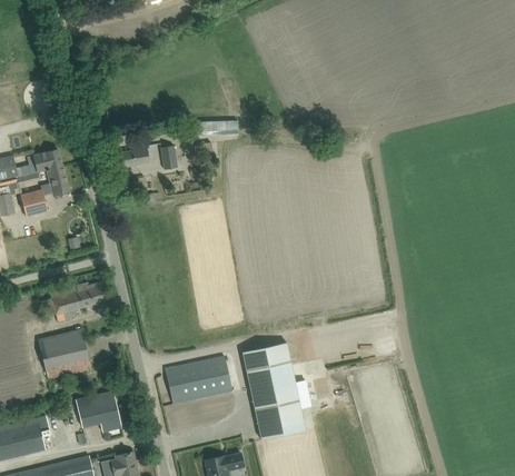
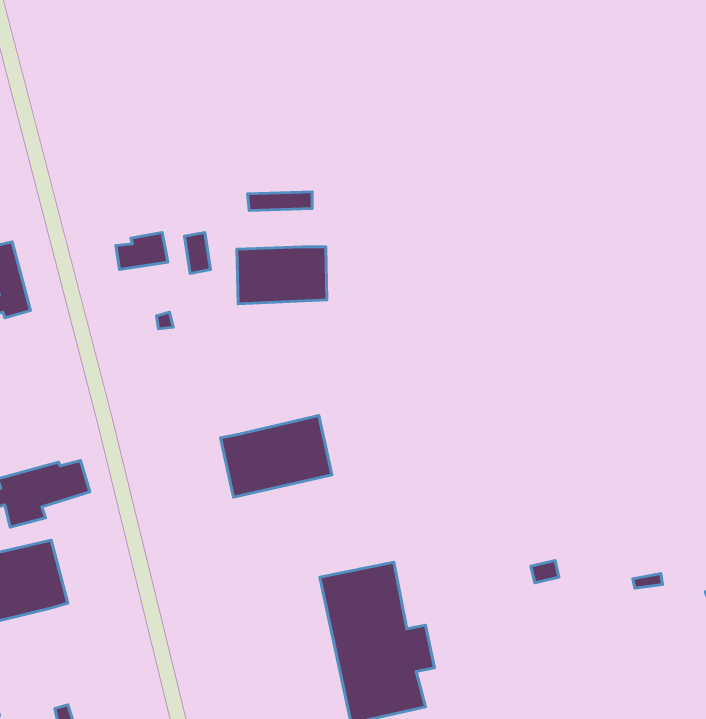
building: none -> [237,247,327,304]
building: [165,355,231,404] -> [221,416,332,497]
building: [76,390,121,432] -> none

